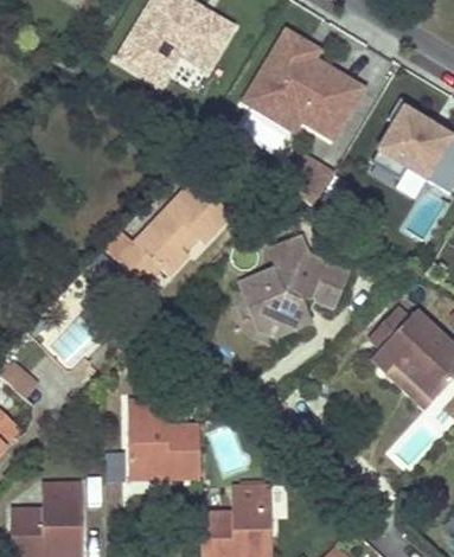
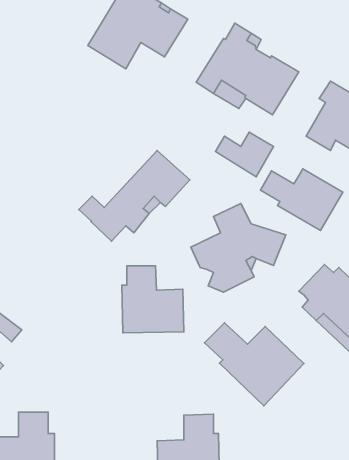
building: none -> [260,169,343,230]
building: none -> [205,323,304,406]
building: [127,399,199,478] -> [122,266,184,333]

